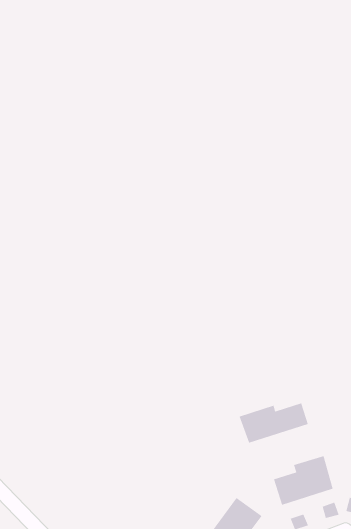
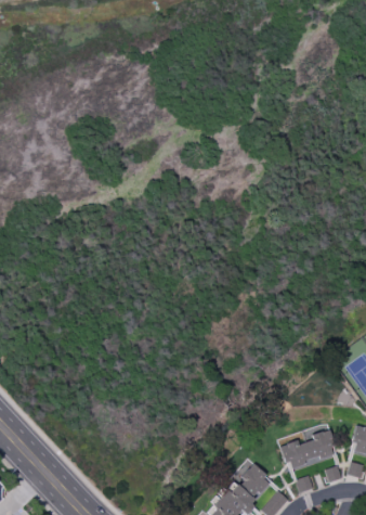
building: [239,403,308,443] -> none

